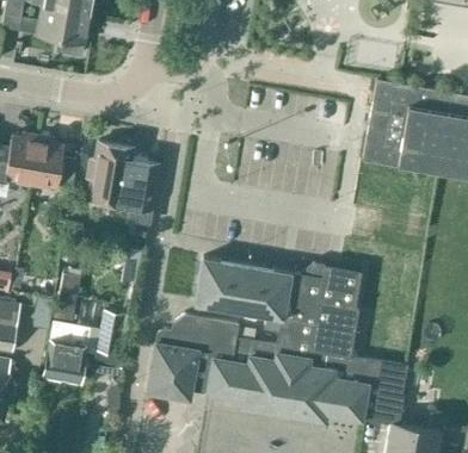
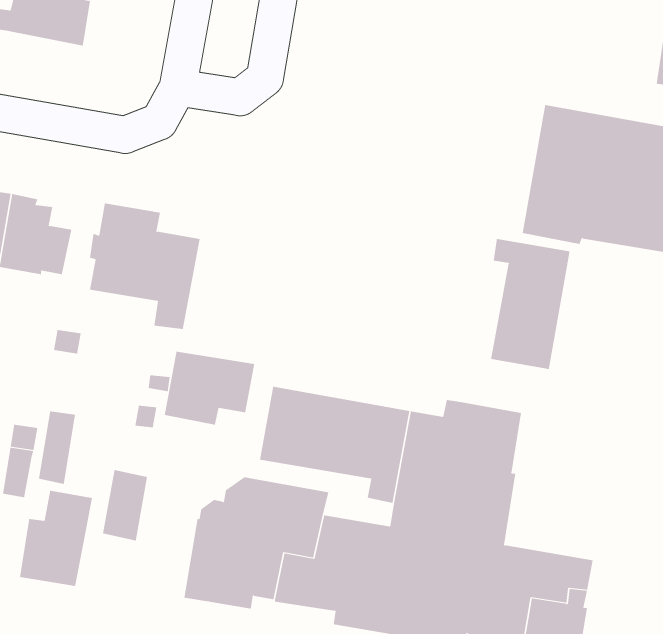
building: none -> [491,238,570,370]
building: none -> [164,351,255,426]

